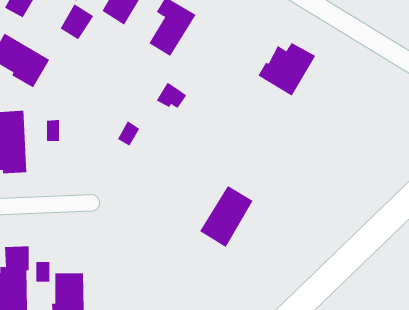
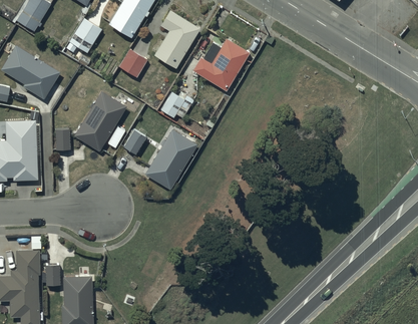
building: none -> [119,49,147,77]
building: [258,42,316,96] -> [193,39,250,91]
building: none -> [74,91,126,151]
building: [199,185,254,248] -> [145,129,197,190]

